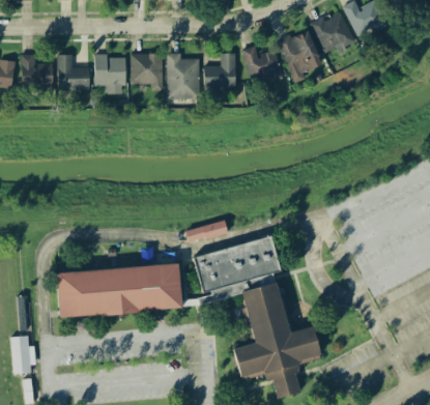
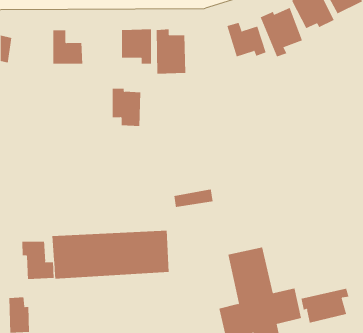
building: [204,53,236,88] -> none
building: [21,54,53,92] -> none
building: [94,54,125,94] -> [112,88,141,127]
building: [194,237,280,300] -> none
building: none -> [22,241,54,280]
building: none -> [301,288,349,324]

